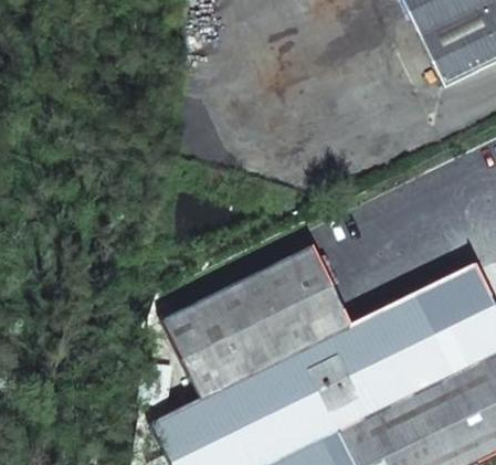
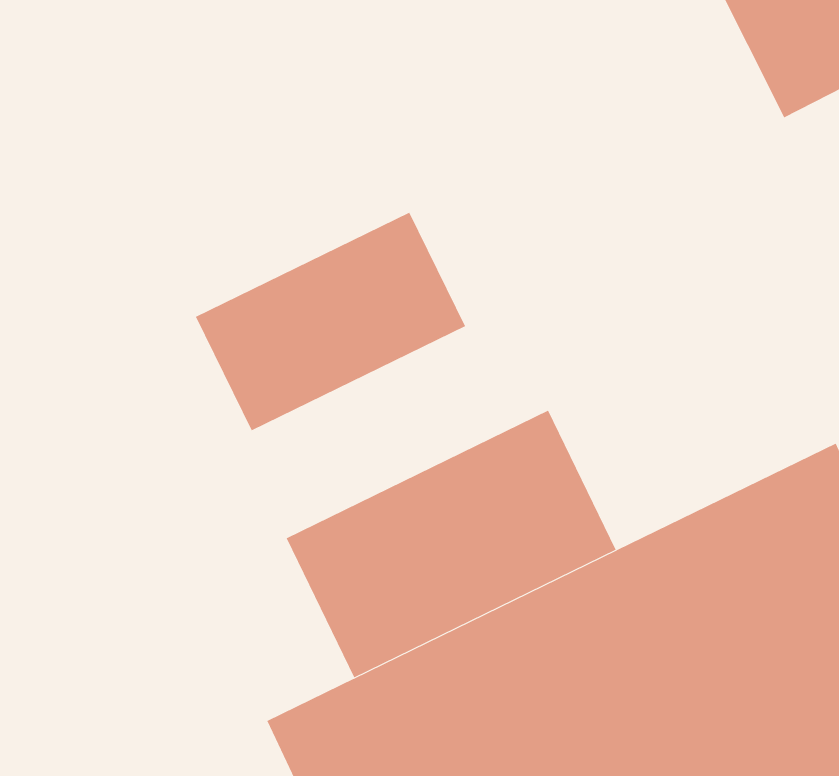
building: none -> [195,212,466,431]

